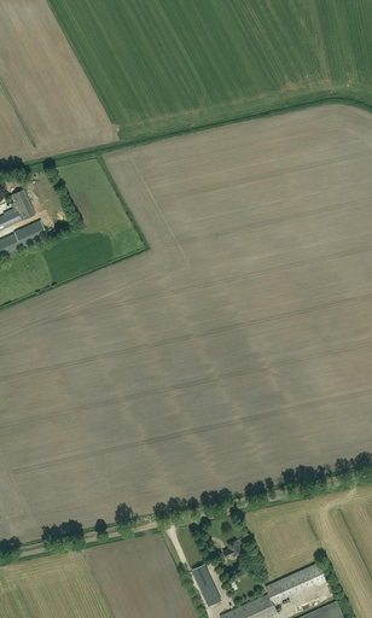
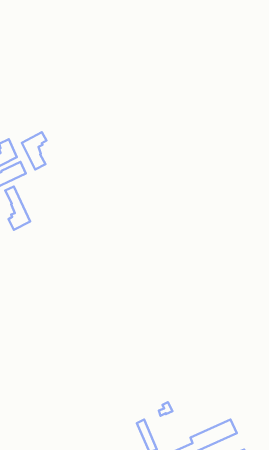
building: none -> [22,132,47,169]
building: none -> [5,186,30,230]

